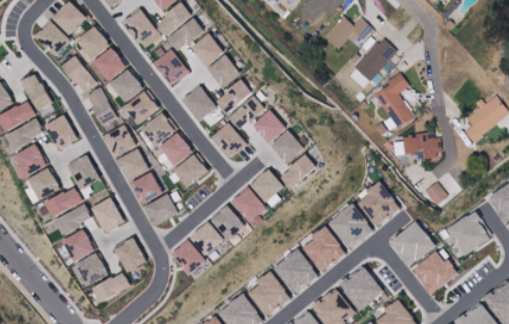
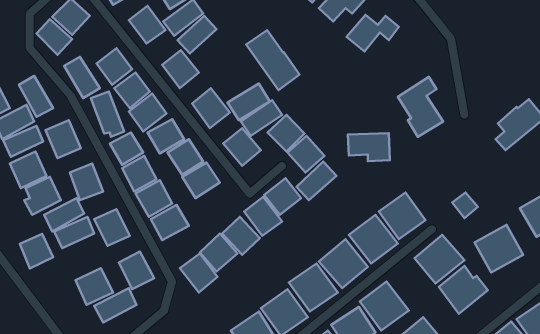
building: [76,25,110,59] -> none
building: [191,32,241,88] -> [246,30,300,90]
building: [356,37,398,85] -> none
building: [403,134,443,160] -> [348,133,390,161]
building: [62,230,93,262] -> [20,234,53,268]

